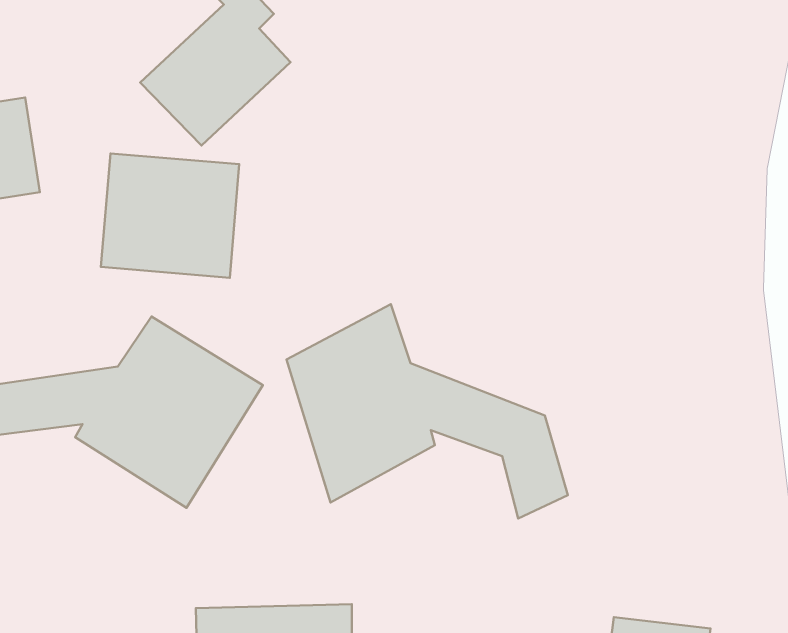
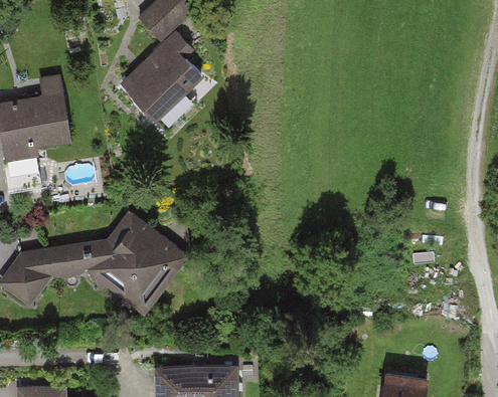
building: [101,153,239,278] -> none
building: [287,304,568,518] -> none

